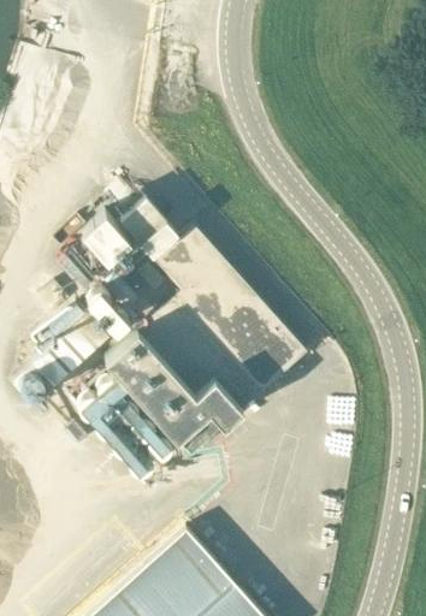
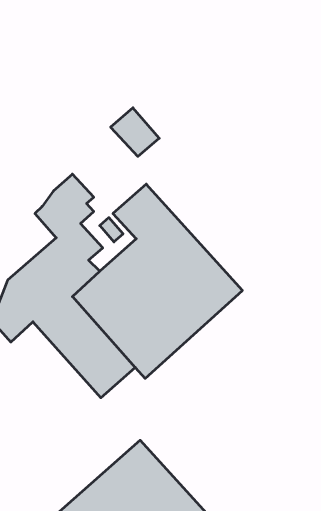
building: [122,199,179,256] -> [111,108,159,156]

